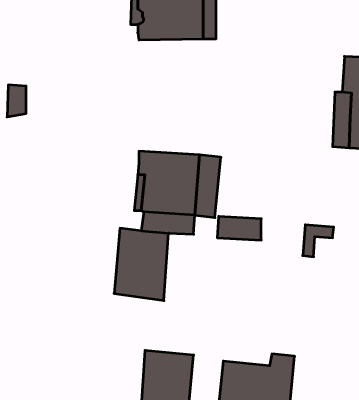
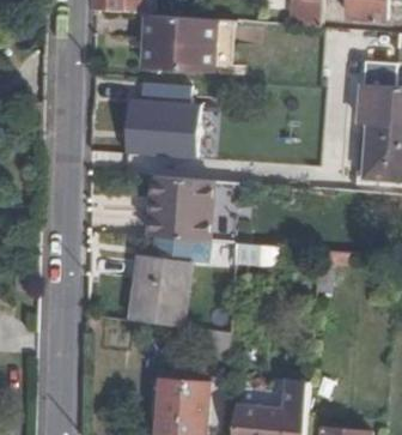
building: none -> [124,84,199,159]

